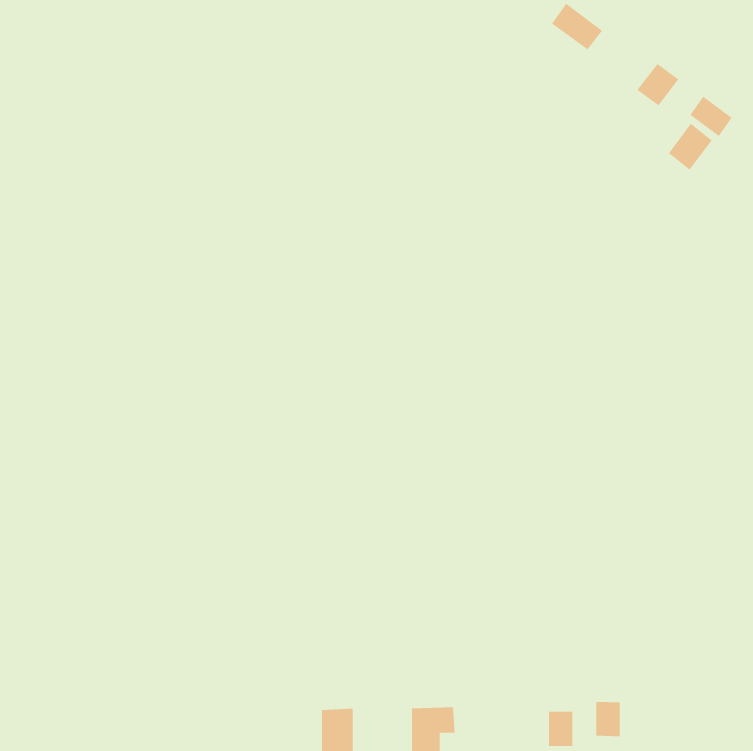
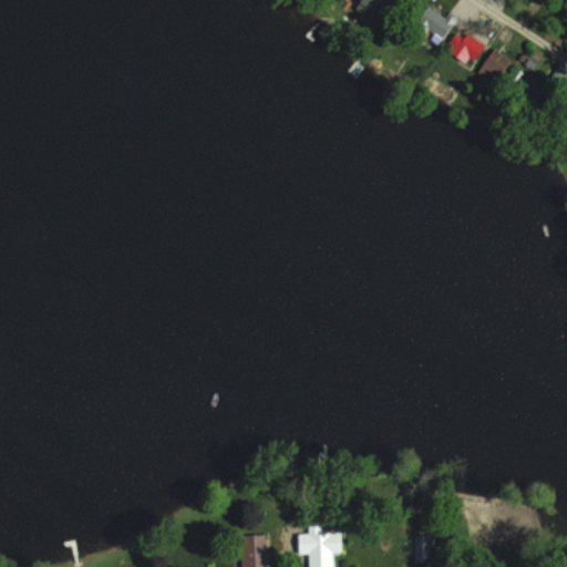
building: none -> [452,30,485,61]
building: [668,123,712,171] -> none
building: [596,701,620,737] -> none

